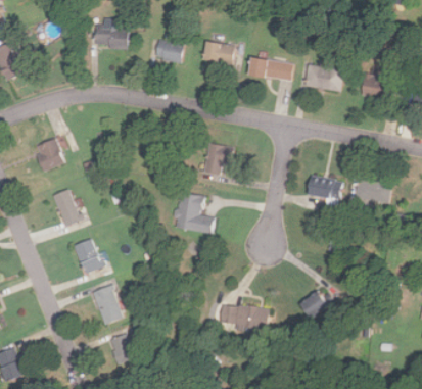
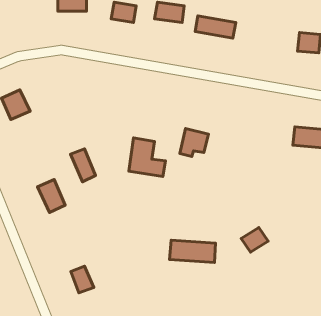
building: [304,64,343,91] -> none
building: [202,142,234,173] -> [180,129,208,156]
building: [307,176,342,199] -> none
building: [52,189,80,226] -> [71,149,95,182]
building: [93,284,122,323] -> none

